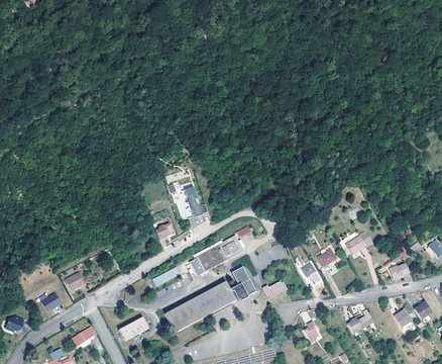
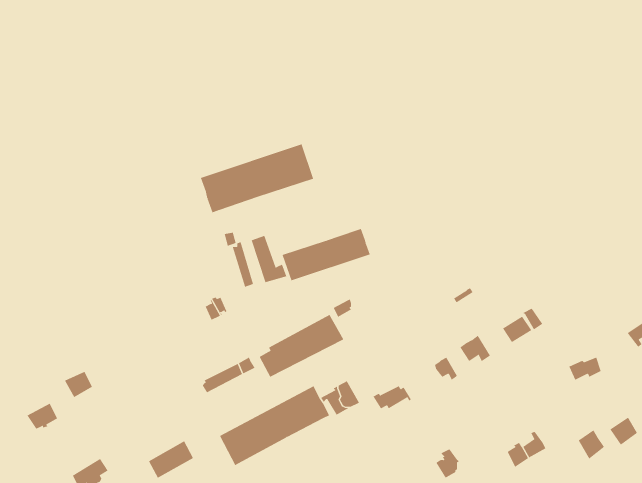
building: none -> [200,143,314,213]
building: none -> [282,228,370,281]

